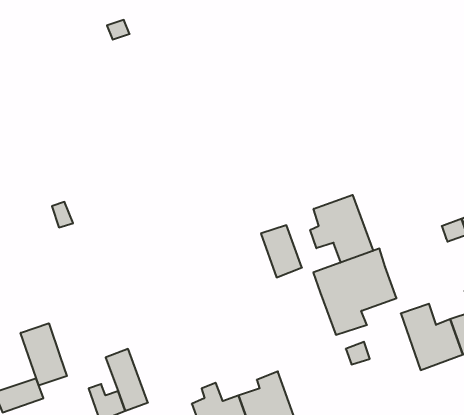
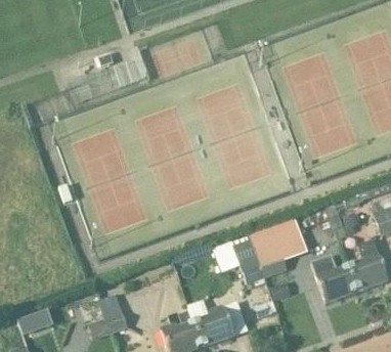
building: [310,195,373,263] -> none
building: [261,225,302,277] -> [235,247,265,284]
building: [21,323,67,386] -> none

